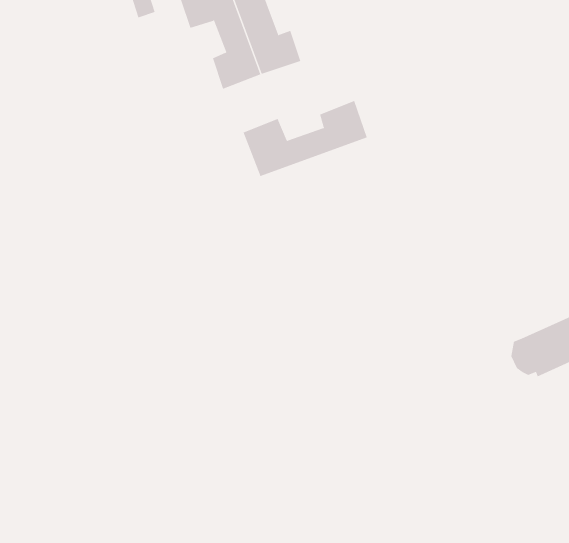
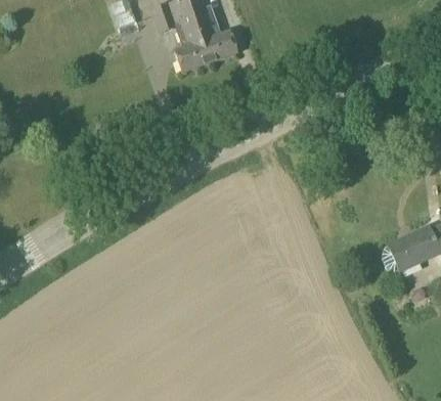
building: [243,100,367,177] -> none

